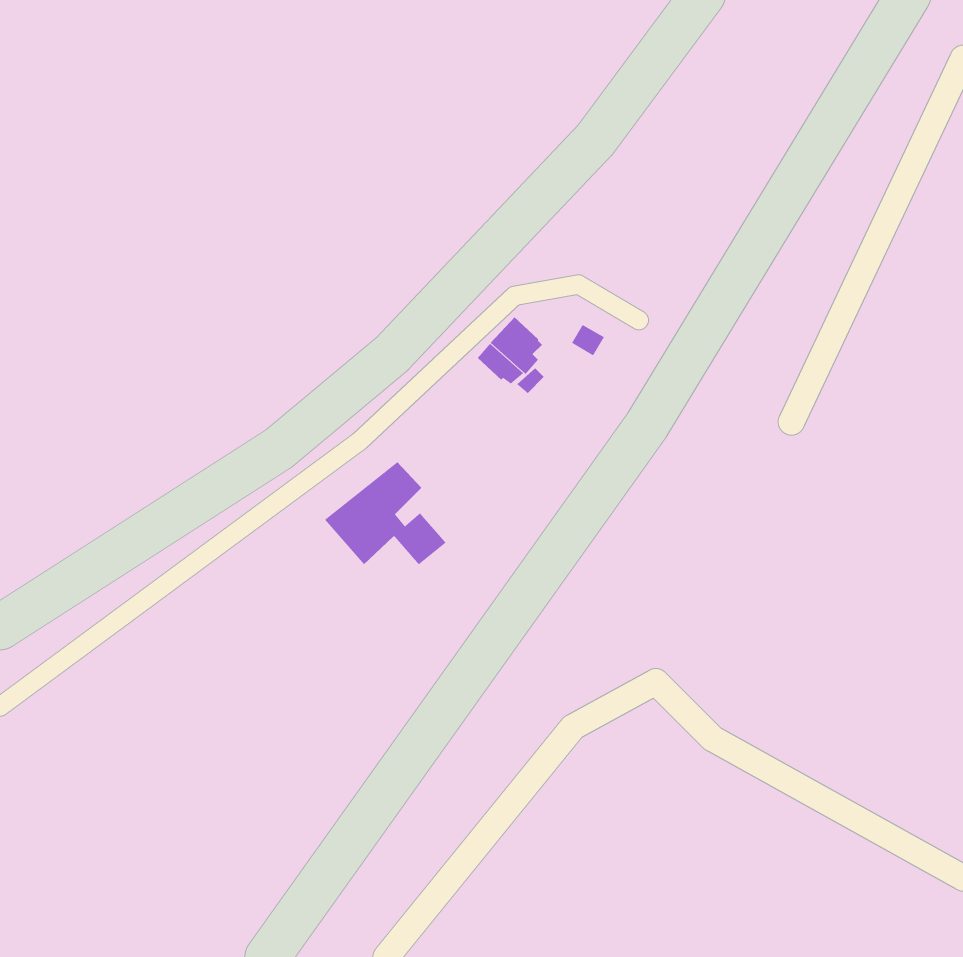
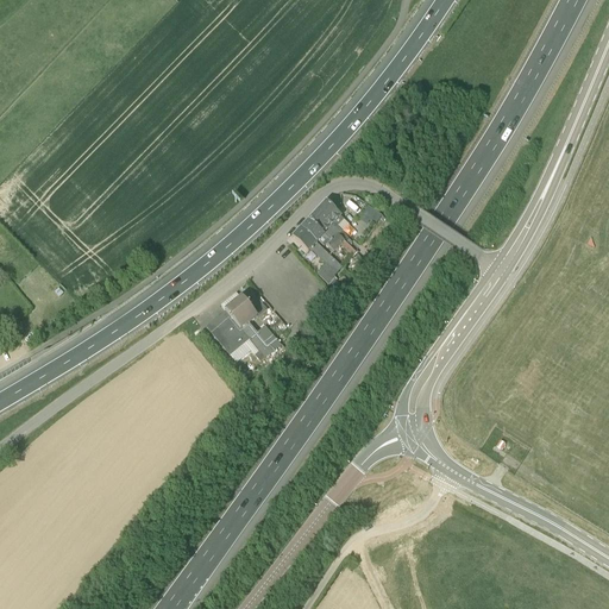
building: none -> [291,226,341,281]

